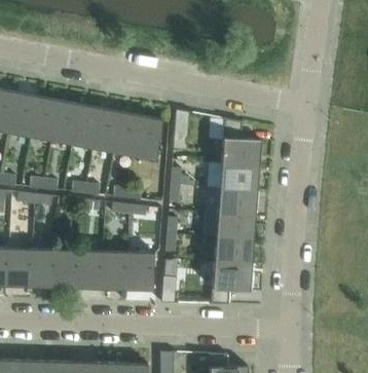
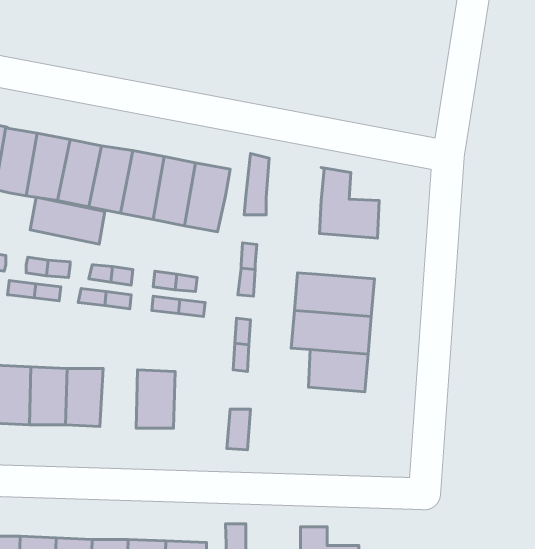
building: none -> [30,197,105,244]
building: [219,161,259,191] -> none
building: [77,250,102,289] -> none
building: [125,252,153,290] -> none
building: [208,262,251,304] -> none

